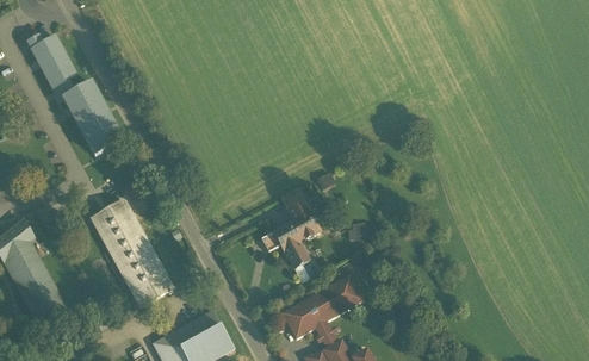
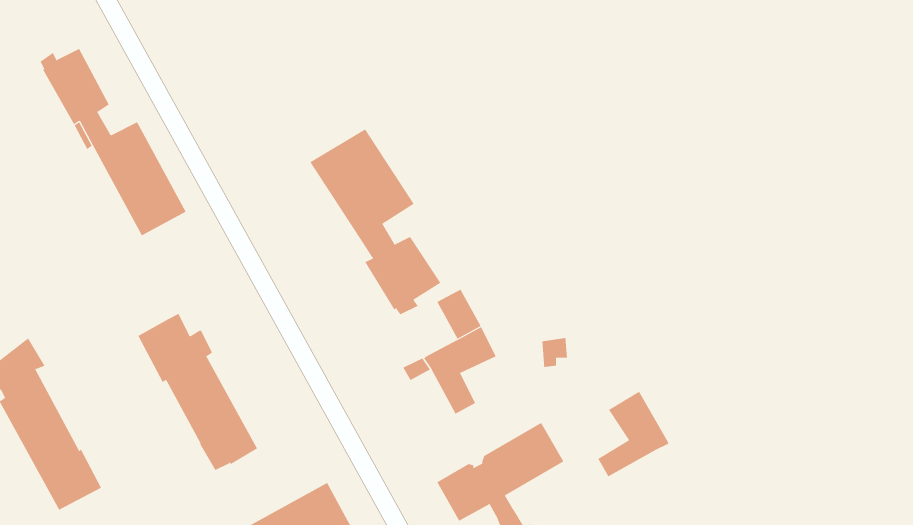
building: none -> [309,128,441,315]
building: none -> [597,391,669,477]

